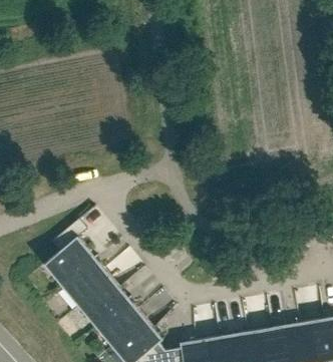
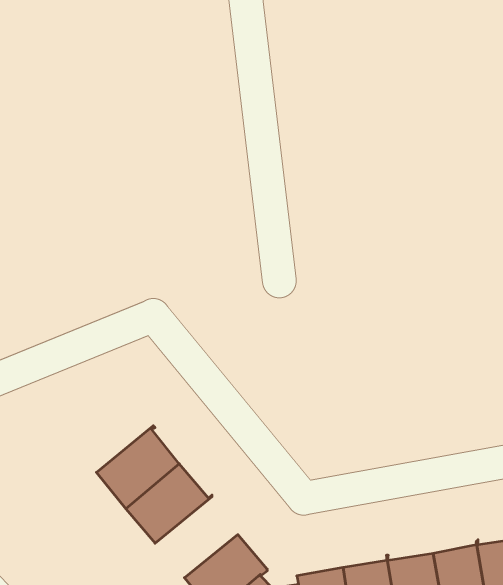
building: [46,221,96,284] -> none
building: [97,298,145,345] -> none

